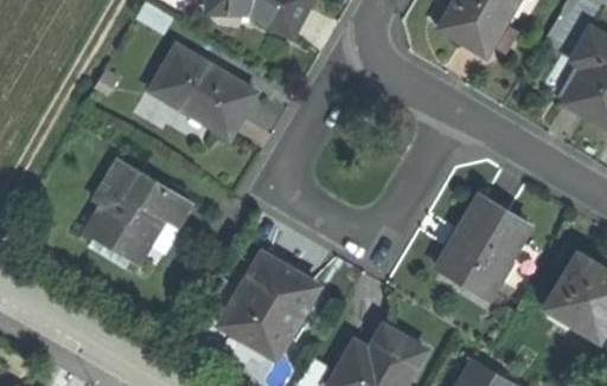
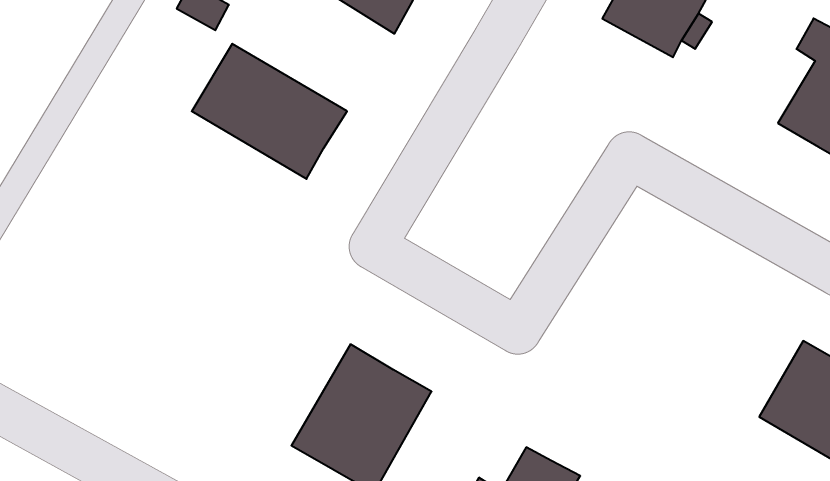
building: [90,160,196,264] -> none
building: [437,199,526,296] -> none

